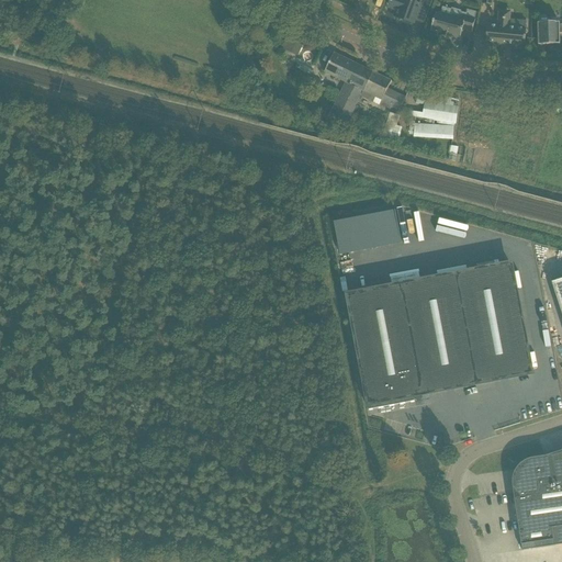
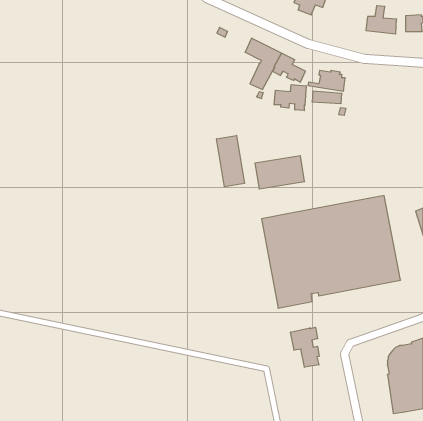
building: [430,5,476,36] -> none
building: none -> [274,85,306,111]
building: none -> [217,135,244,187]
building: none -> [291,327,319,367]

